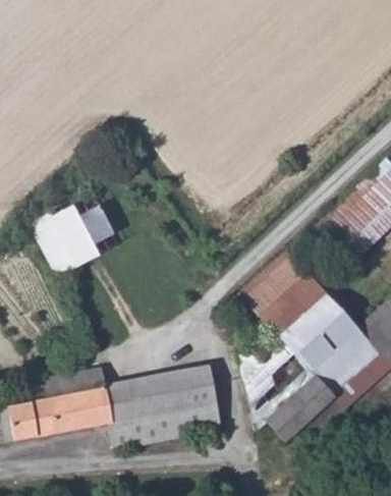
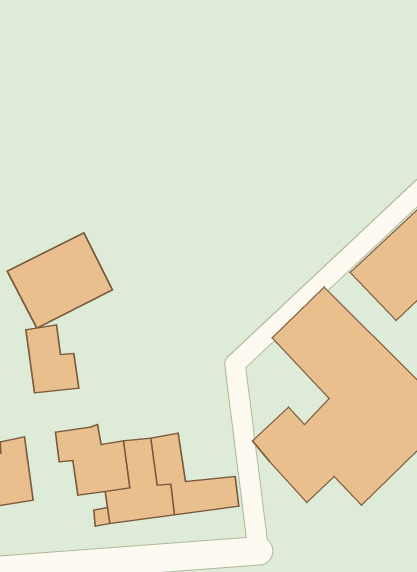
building: [174,367,221,411] -> none
building: [48,371,92,427] -> [26,325,79,393]

